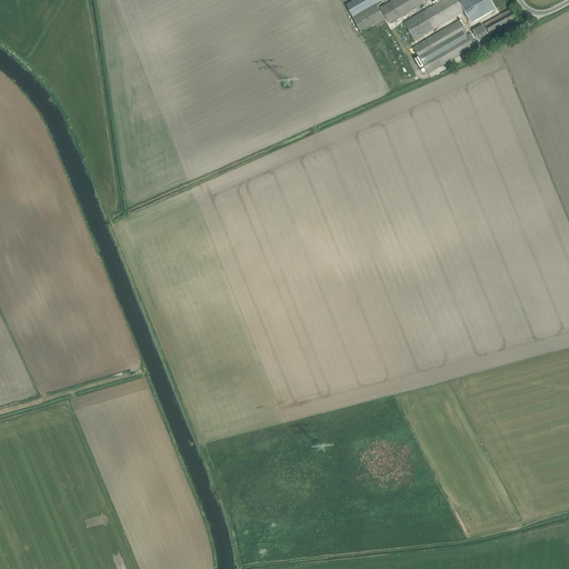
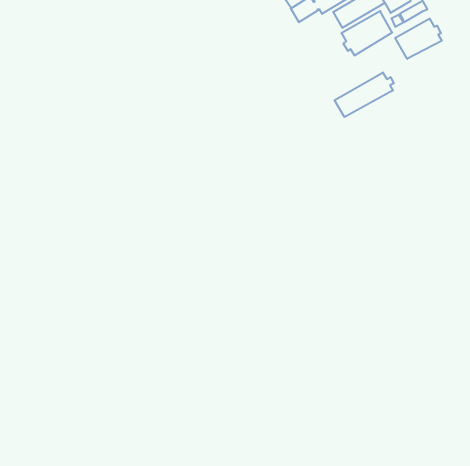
building: none -> [395,19,442,59]
building: none -> [335,72,394,117]

